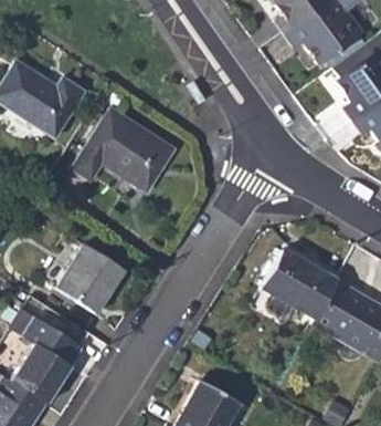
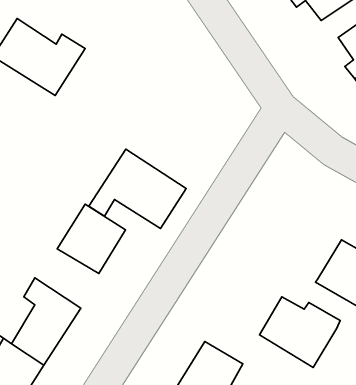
building: [76,111,172,189] -> [89,149,186,229]
building: [262,249,341,319] -> [260,297,340,367]

